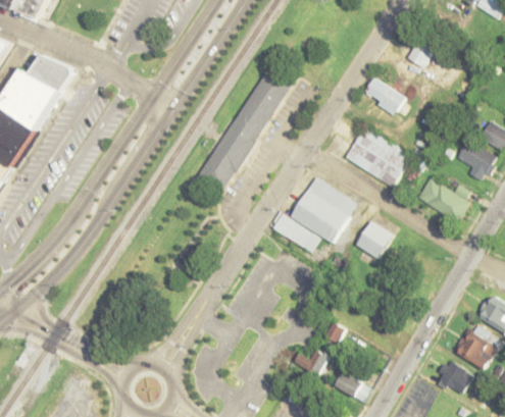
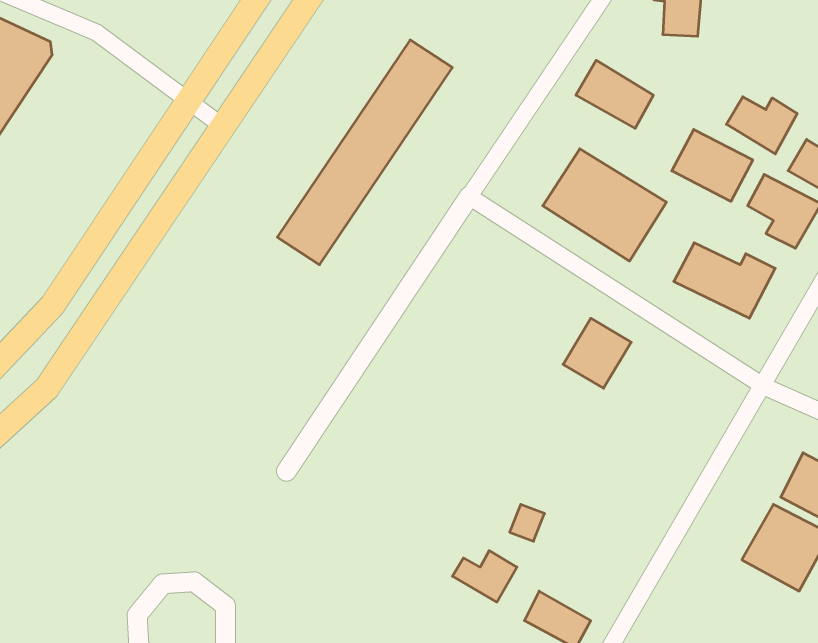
building: none -> [726,97,797,154]
building: none -> [672,129,753,201]
building: [269,176,359,247] -> none
building: [434,359,472,395] -> none

